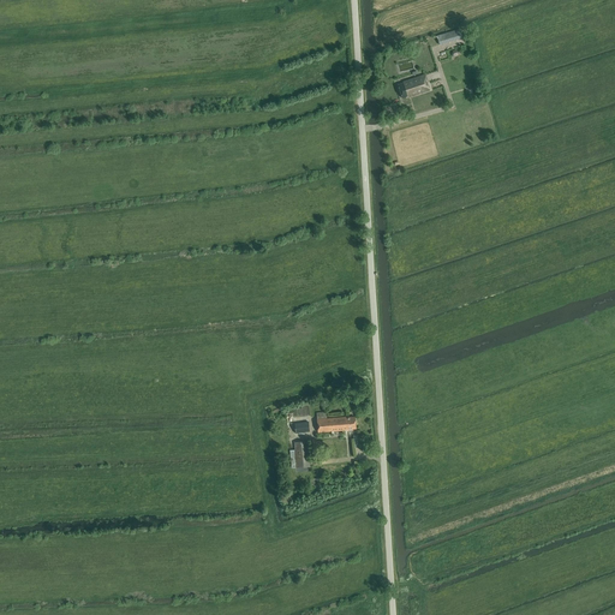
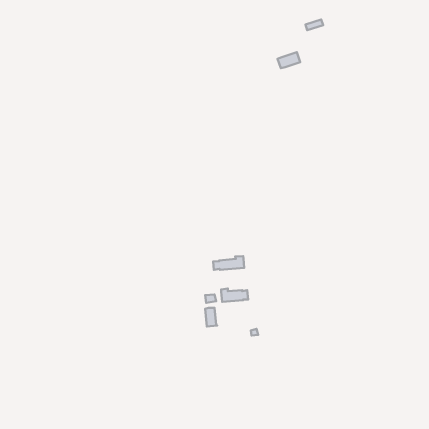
building: none -> [213,256,244,270]

